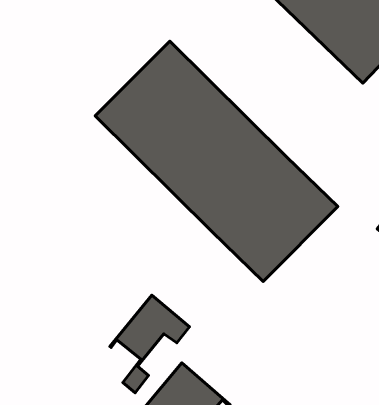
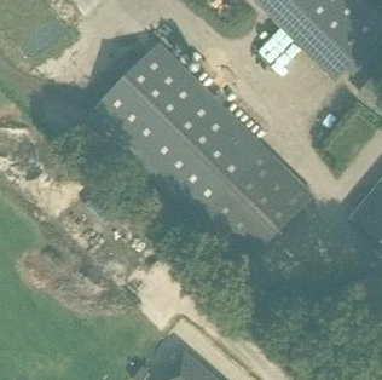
building: [110,295,189,393] -> none

